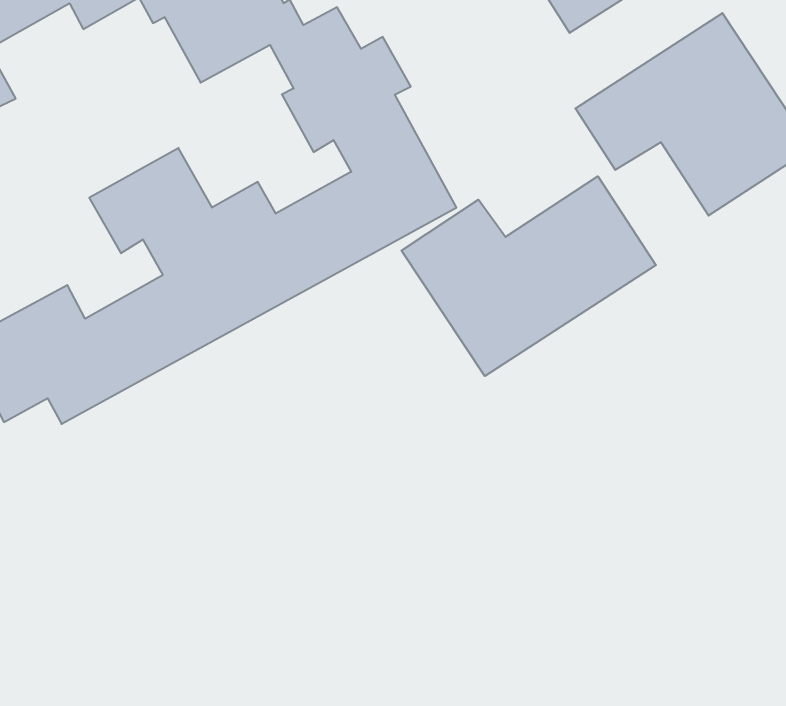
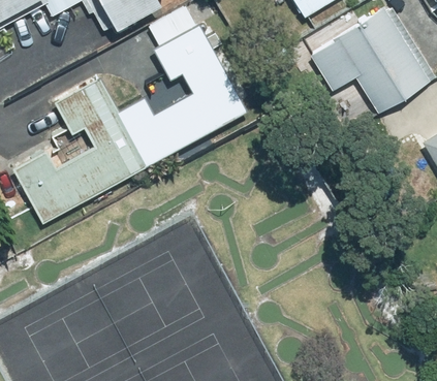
building: [402,176,656,376] -> none

